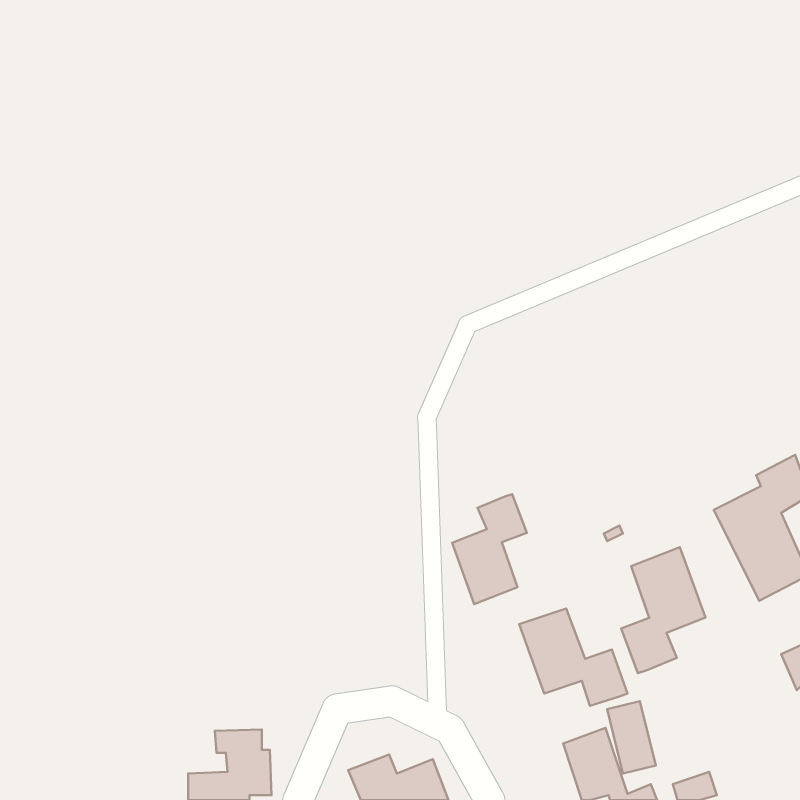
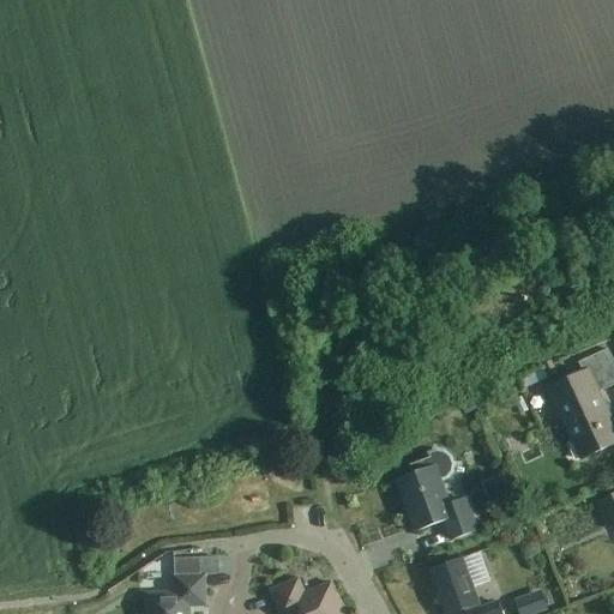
building: [452,494,527,604] -> none
building: [621,547,706,673] -> none

